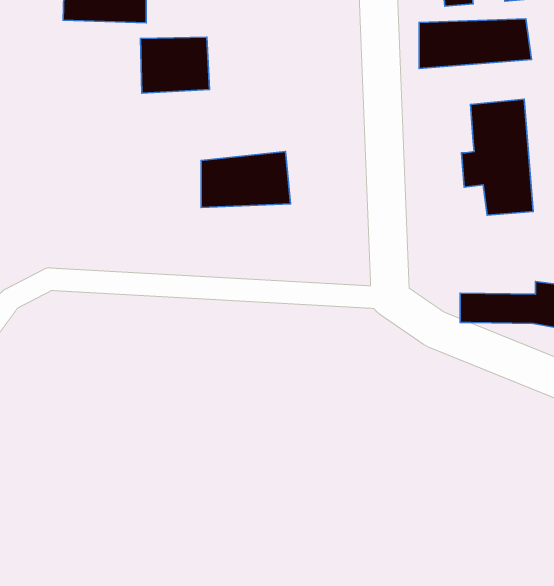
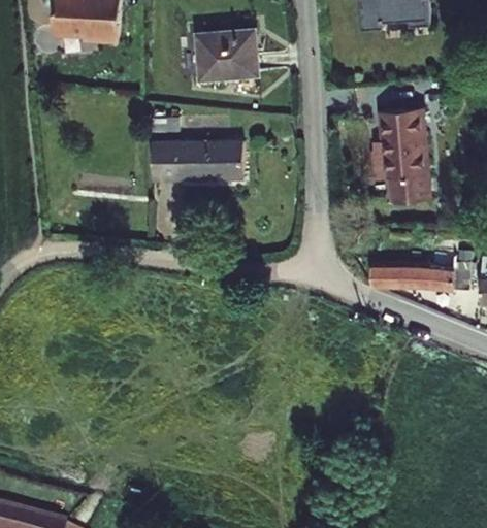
building: [419,19,532,68] -> none
building: [140,37,209,93] -> [192,36,248,81]

